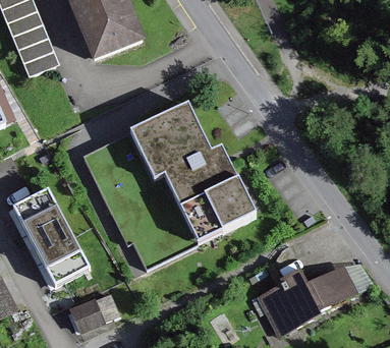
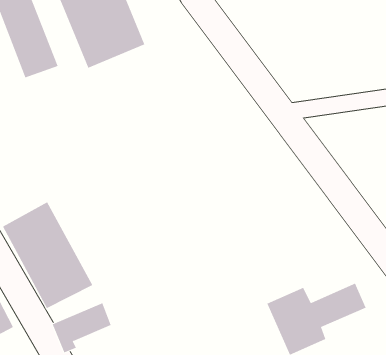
building: [140,108,264,245] -> none

